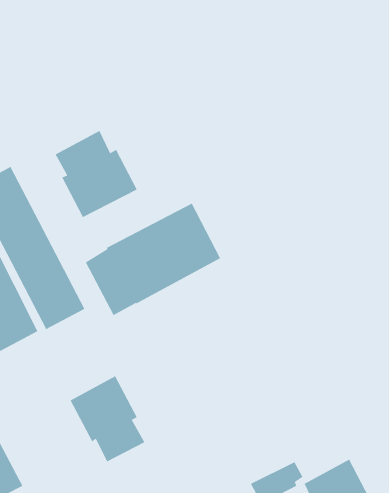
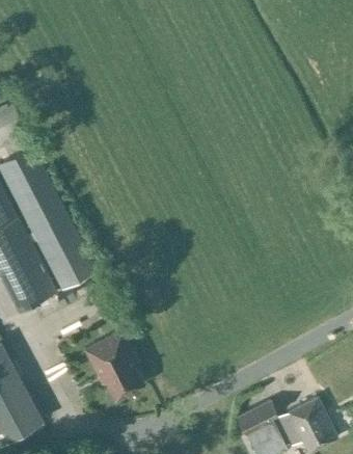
building: [54,130,138,218] -> none
building: [85,202,221,316] -> none

